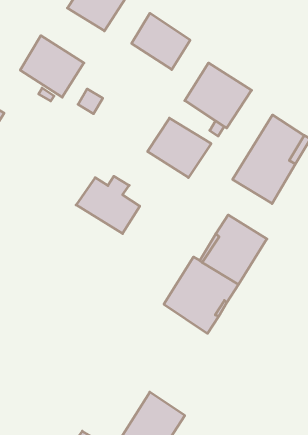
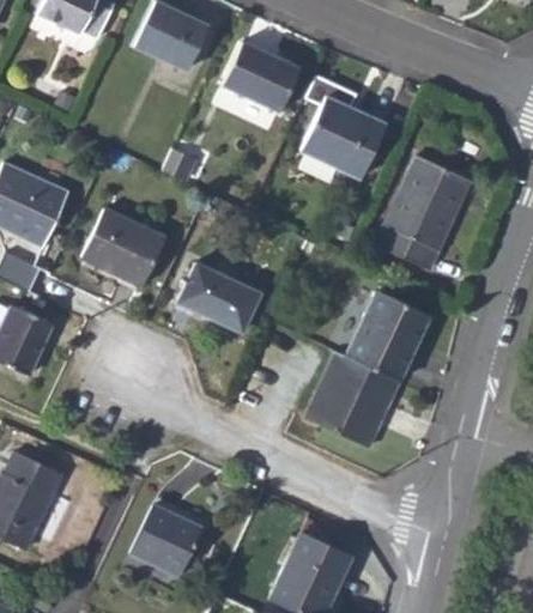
building: [20,36,84,97] -> [84,210,165,286]
building: [148,118,211,178] -> none
building: none -> [131,504,204,577]

